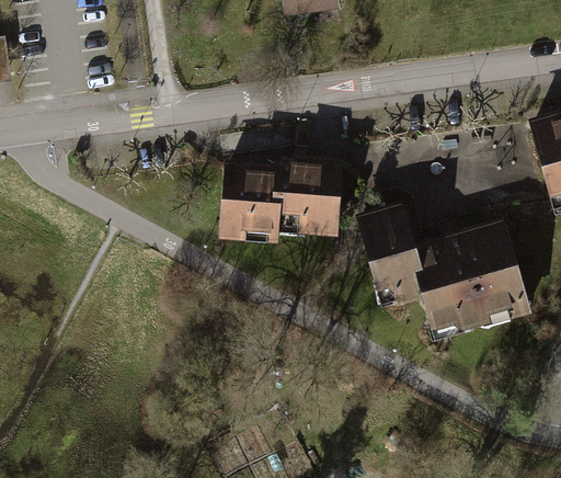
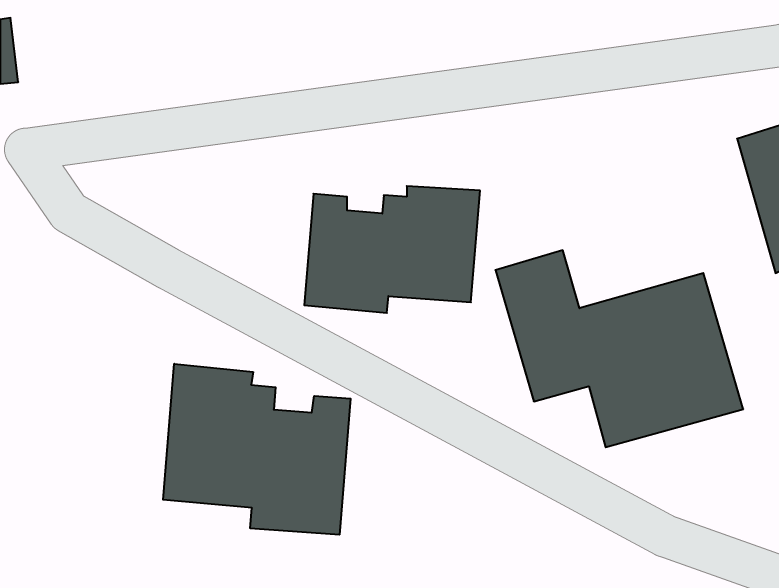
building: none -> [163,364,351,535]

